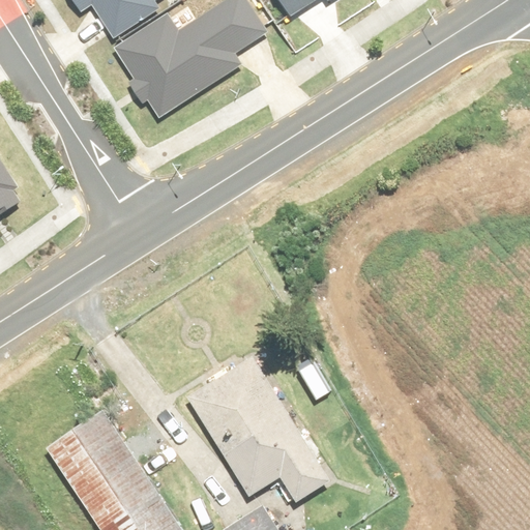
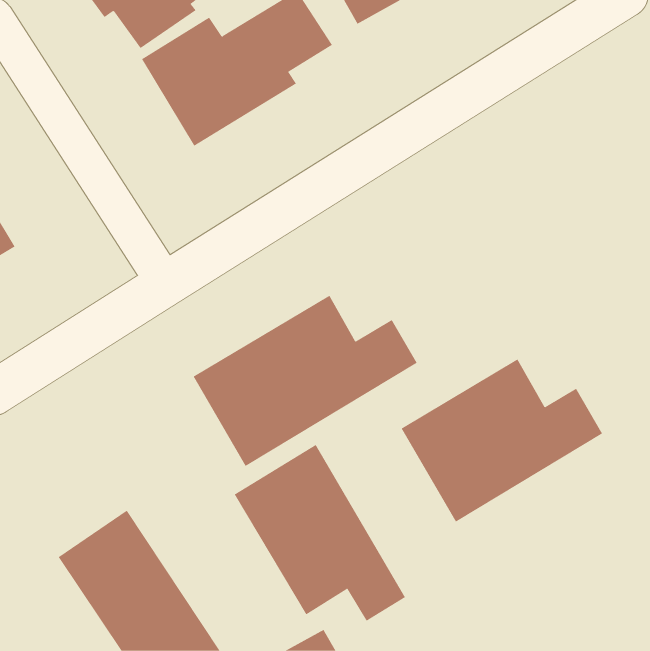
building: none -> [193,295,417,467]
building: none -> [401,359,603,523]

